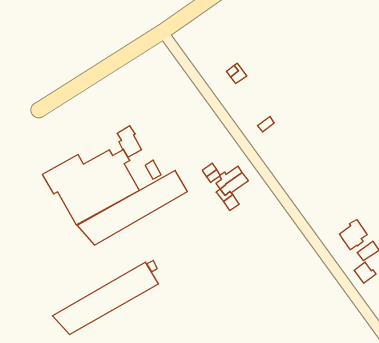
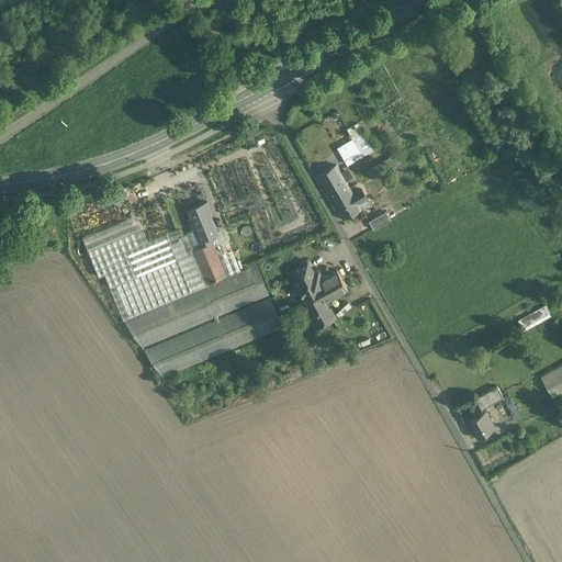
building: none -> [318,166,366,218]
building: none -> [193,237,226,283]
building: [339,220,367,250] -> none
building: [52,262,159,335] -> [144,297,283,378]

